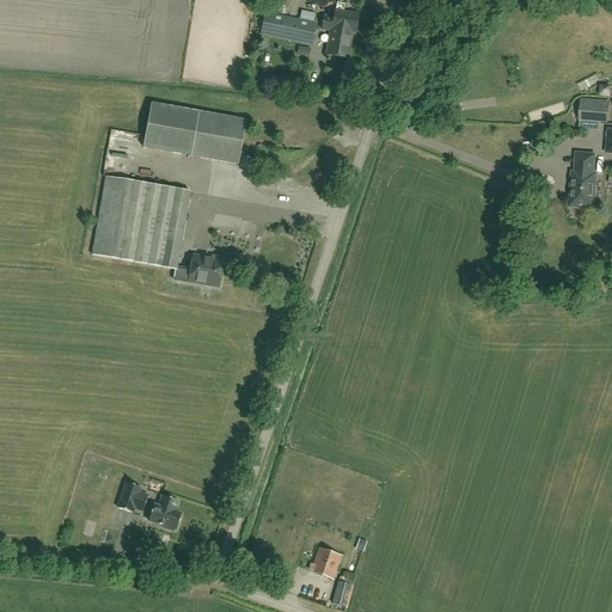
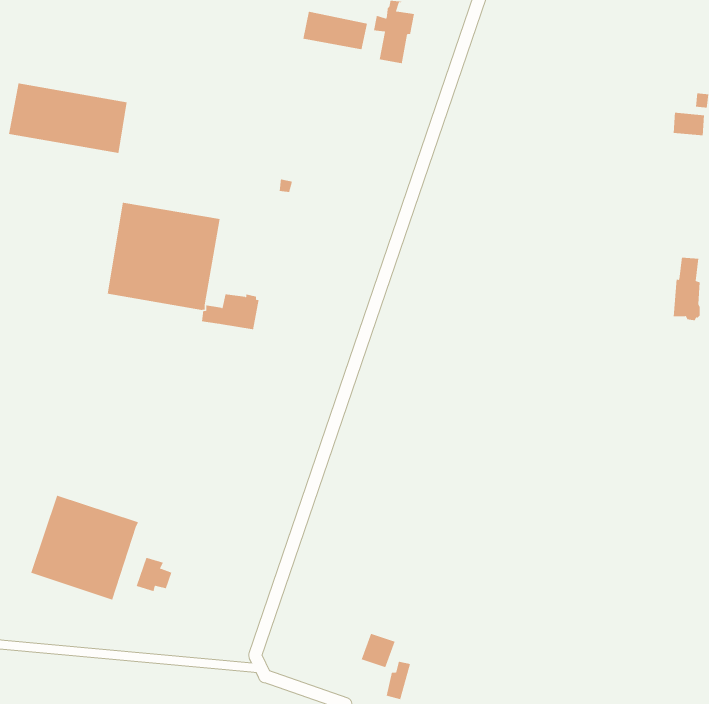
building: [142,102,245,163] -> [8,83,128,154]
building: [570,152,594,207] -> [673,257,701,321]
building: none -> [31,495,139,600]
building: [148,494,182,528] -> none

